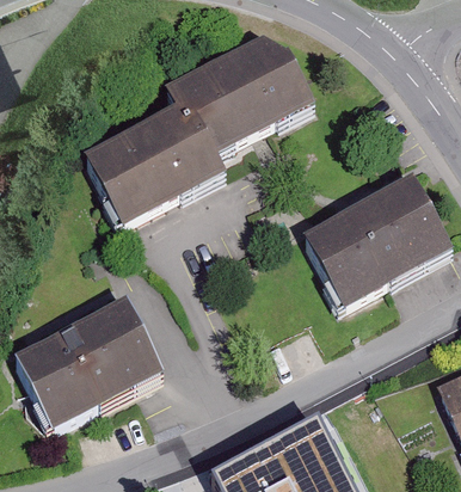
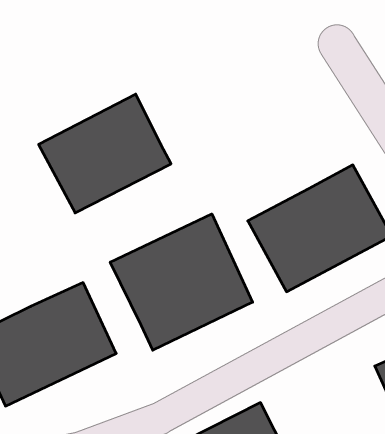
building: [173,30,312,154] -> none
building: none -> [110,214,253,350]

